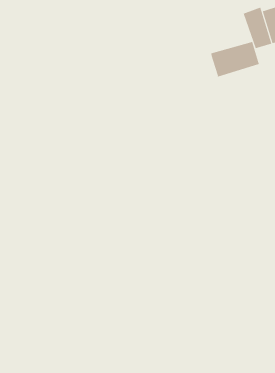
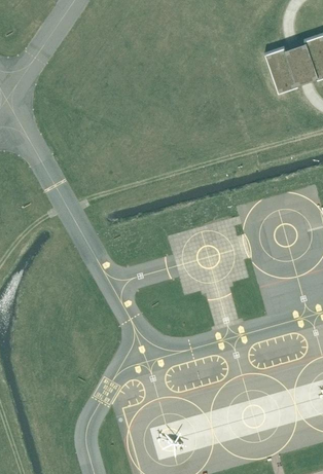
building: [211,41,260,78] -> none

